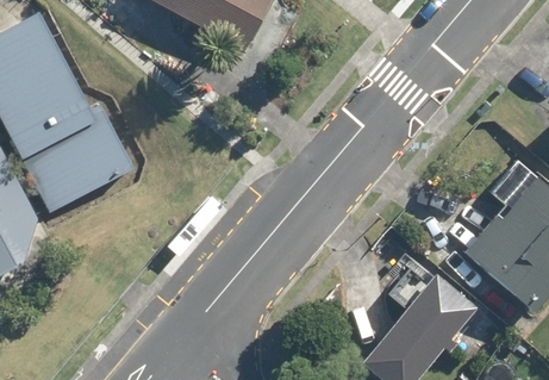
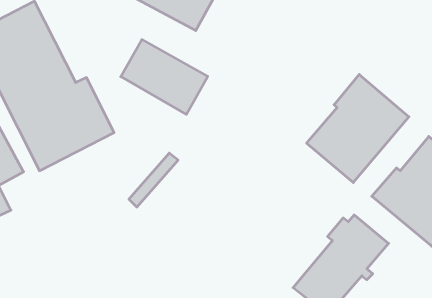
building: none -> [121,40,208,114]
building: none -> [307,74,409,183]

